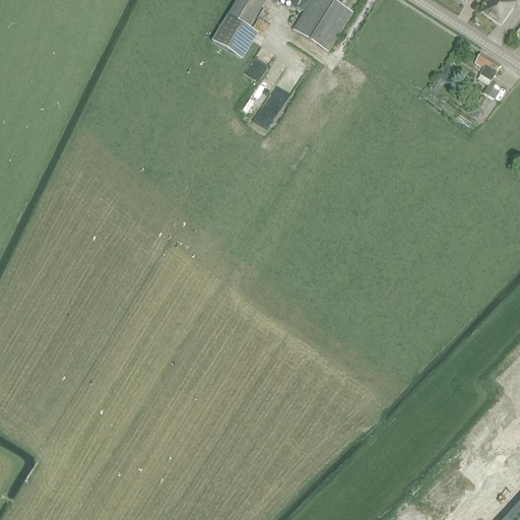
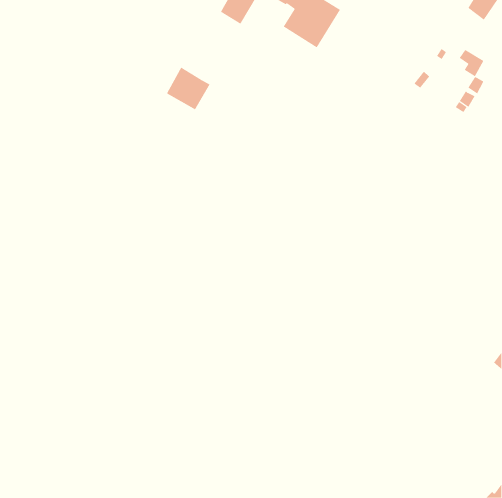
building: [212,12,258,57] -> [166,67,210,110]

